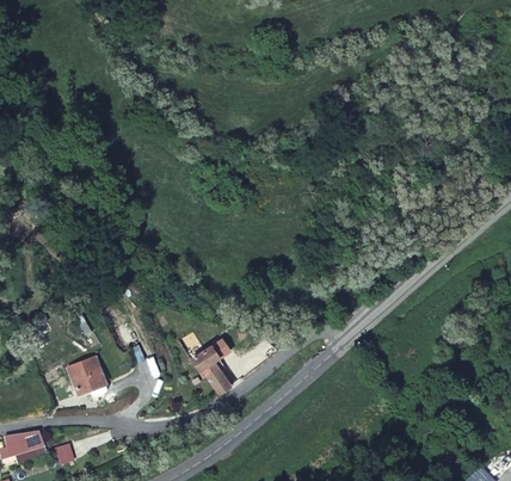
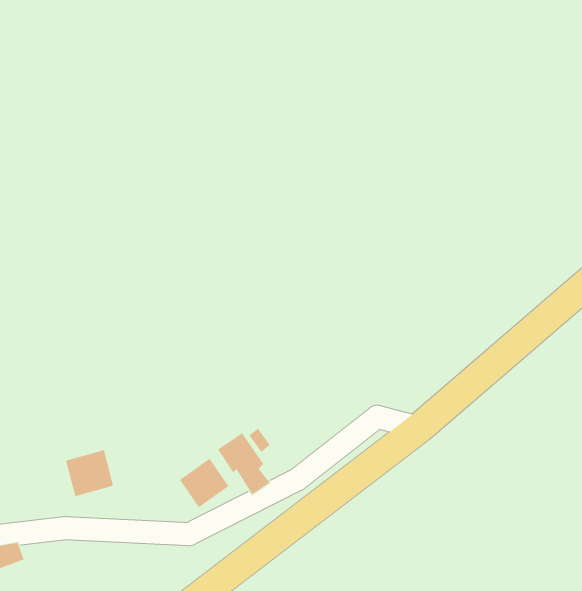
building: none -> [179,458,229,508]

